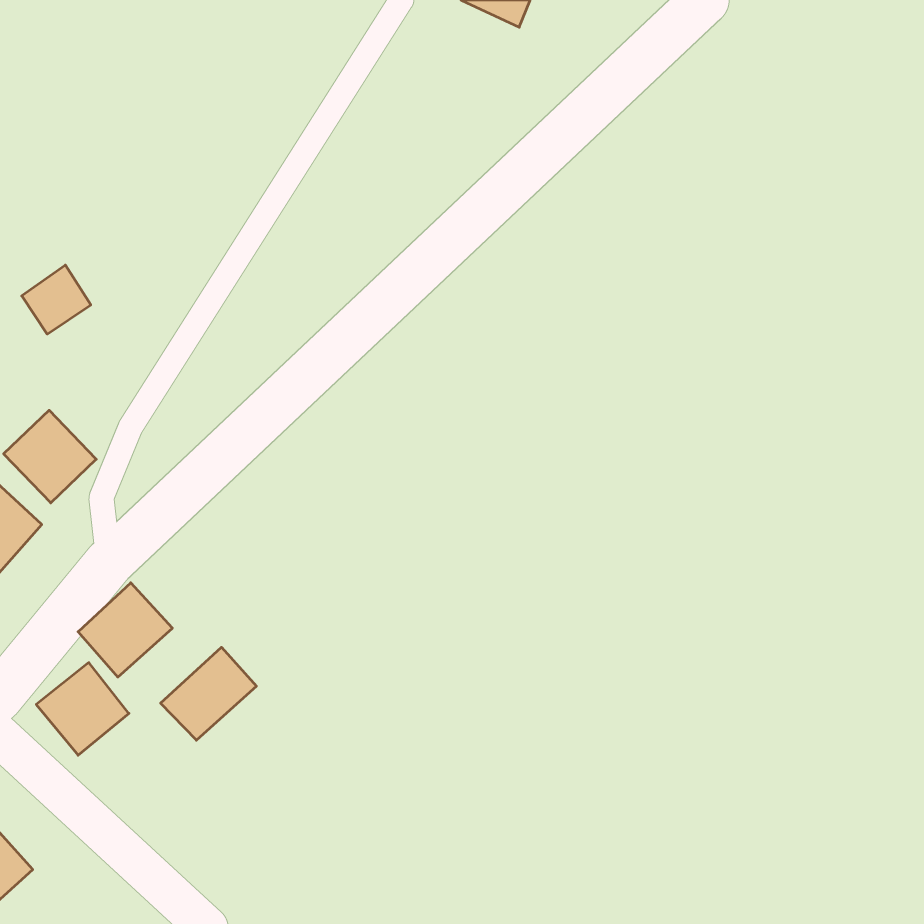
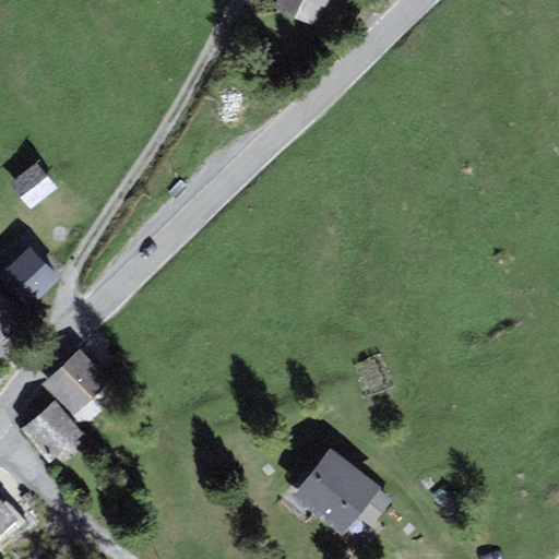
building: [161,647,256,740] -> none
building: none -> [297,449,388,526]

